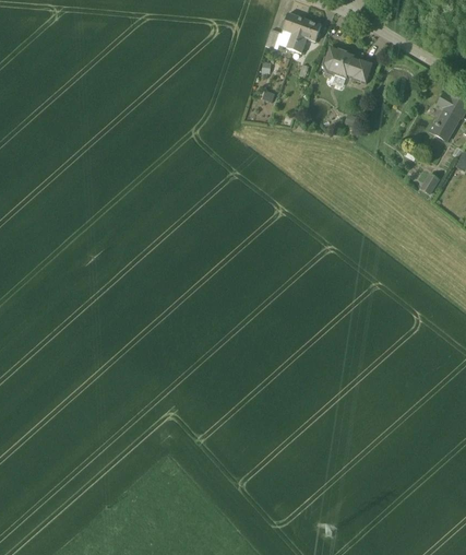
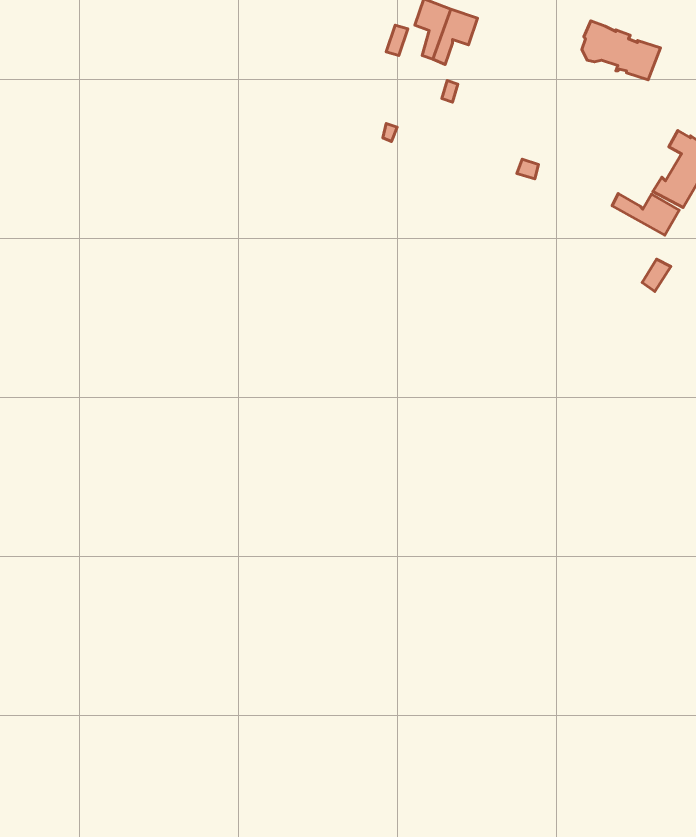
building: [324,47,372,83] -> [582,21,661,80]
building: none -> [612,193,679,235]

